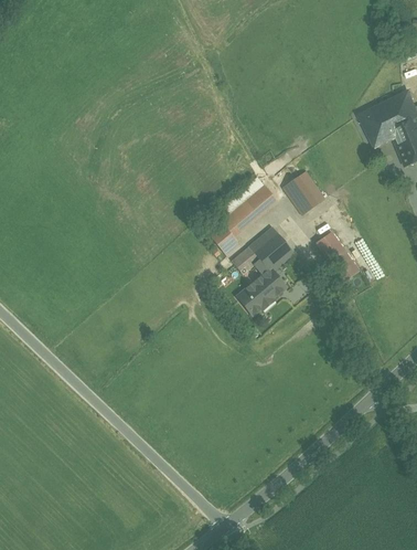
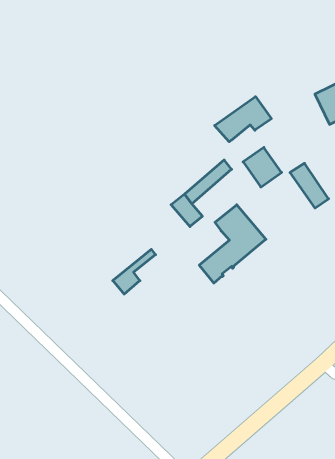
building: none -> [215,97,271,142]
building: [231,226,276,274] -> [113,249,156,294]
building: [316,233,356,281] -> [290,163,329,208]

